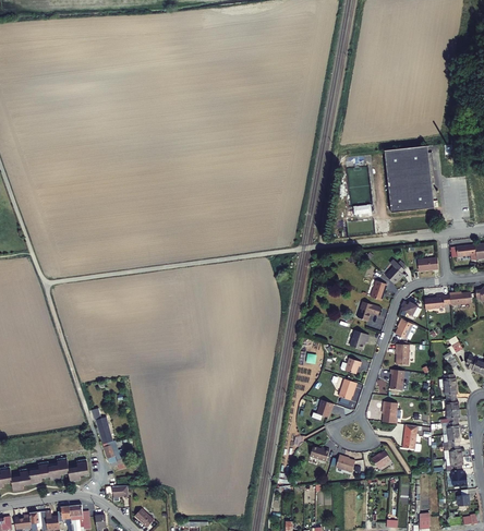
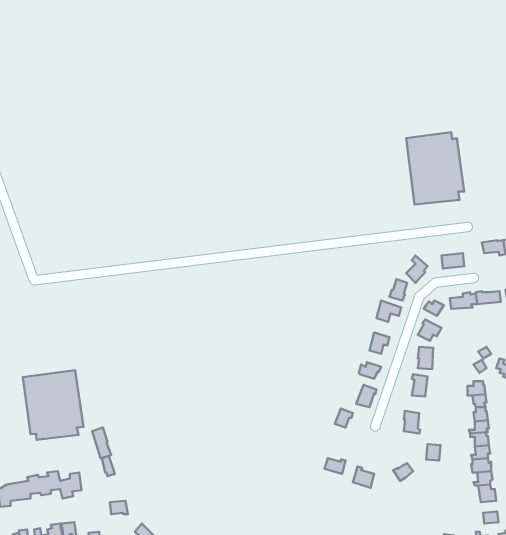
building: none -> [23,370,83,440]

